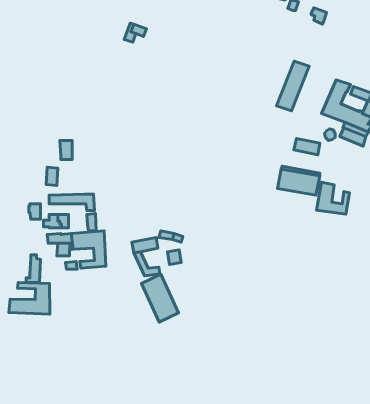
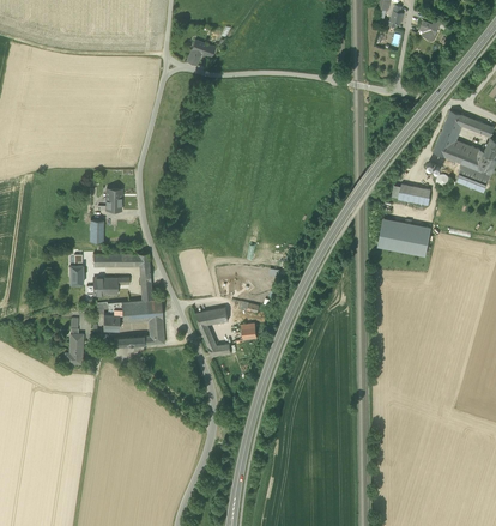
building: [277,61,309,111] -> none
building: [317,182,349,214] -> none
building: [141,274,179,322] -> none
building: [9,282,50,314] -> none

